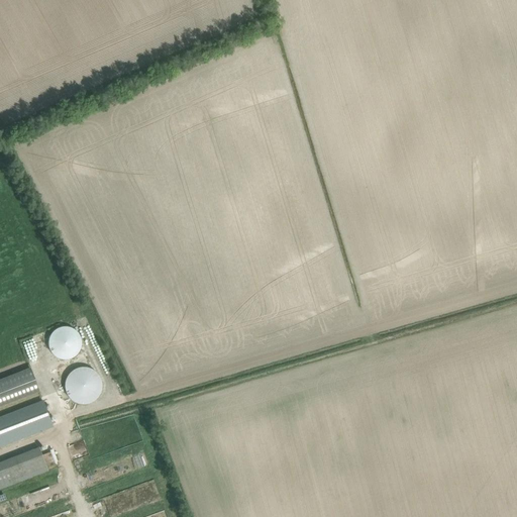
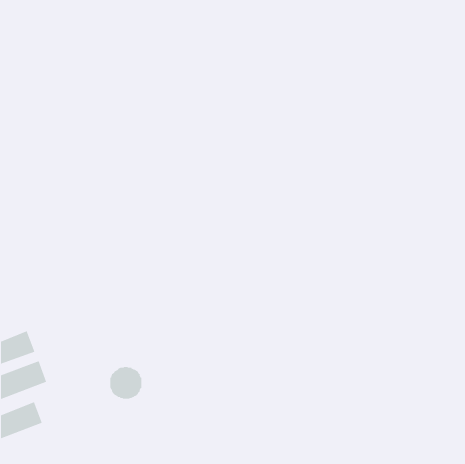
building: [48,326,81,358] -> none
building: [65,366,101,403] -> [109,366,142,400]

